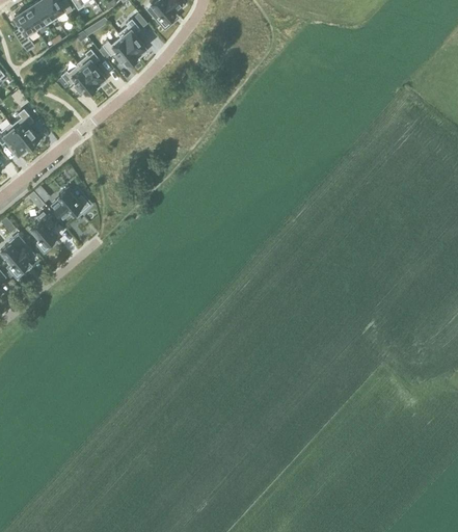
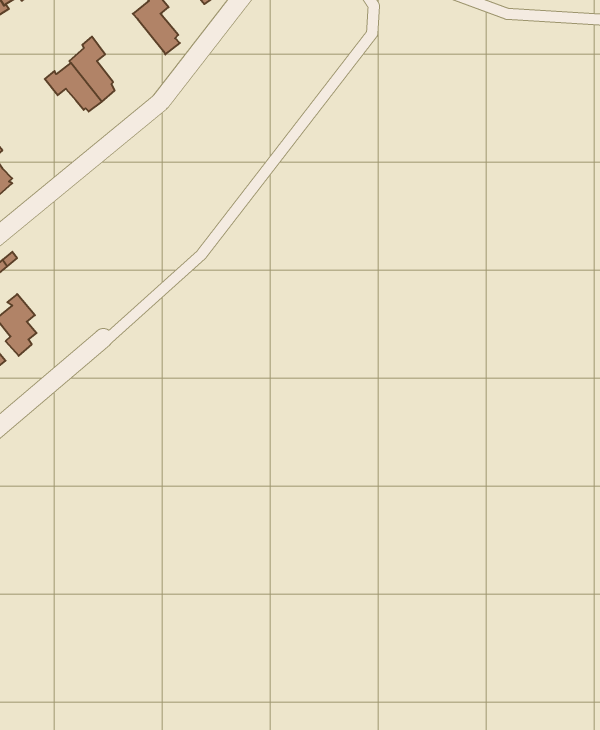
building: [102,36,137,64] -> none
building: [52,186,90,218] -> none

